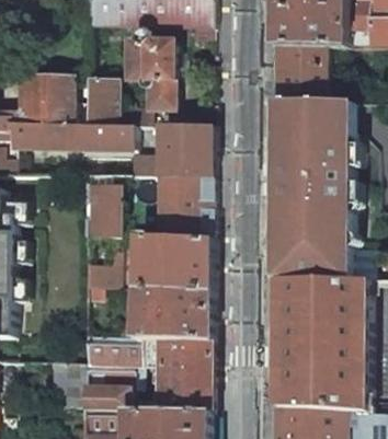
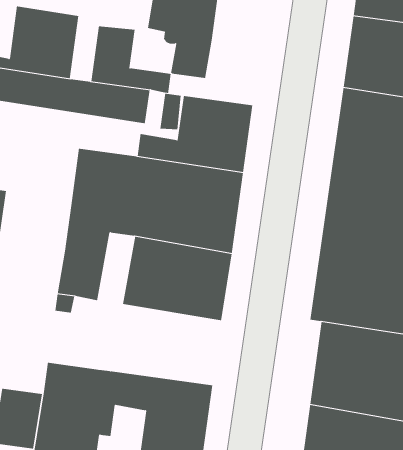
building: [130,289,209,340] -> none

